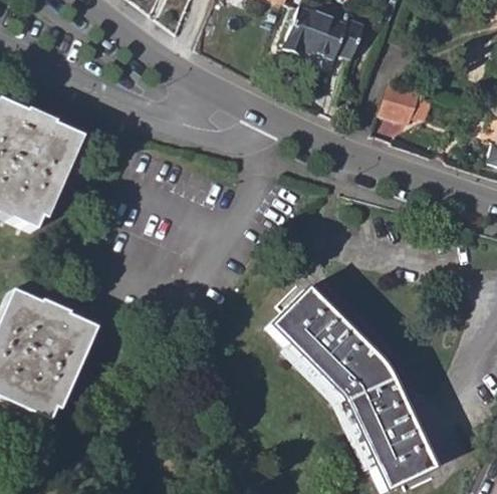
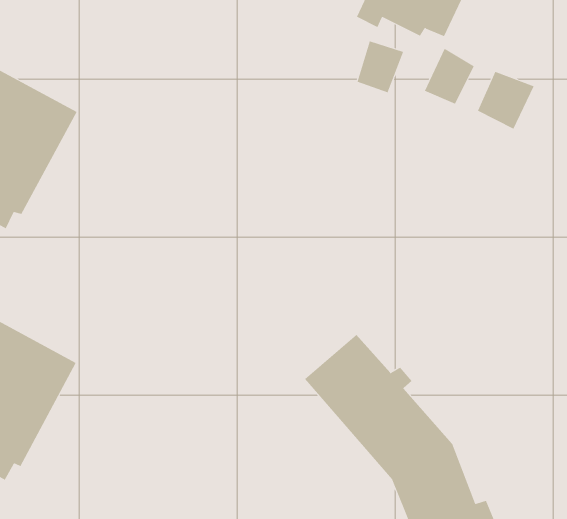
building: none -> [357,40,404,93]
building: none -> [424,48,474,105]

